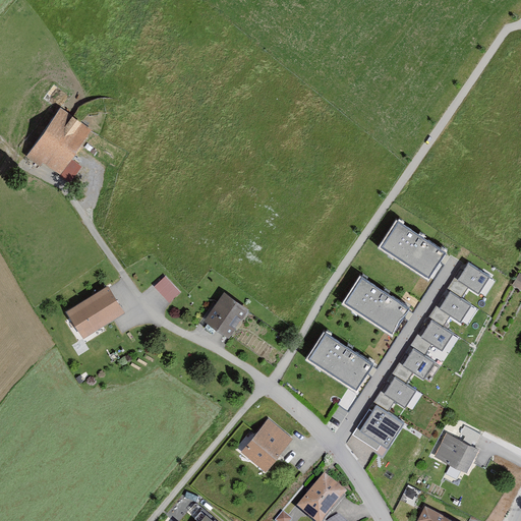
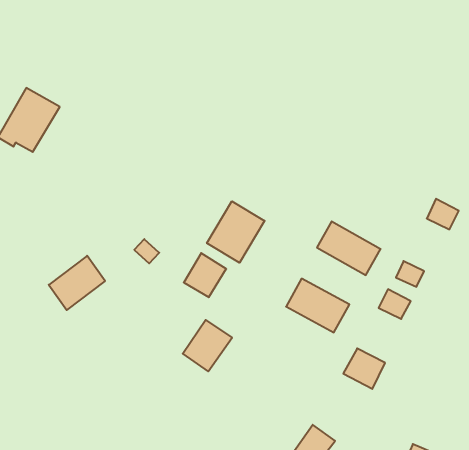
building: [379,219,444,277] -> none
building: none -> [207,201,265,263]
building: [441,293,469,321] -> none
building: [383,377,414,406] -> none
building: [239,422,291,475] -> [183,320,232,371]
building: [433,430,478,476] -> none

